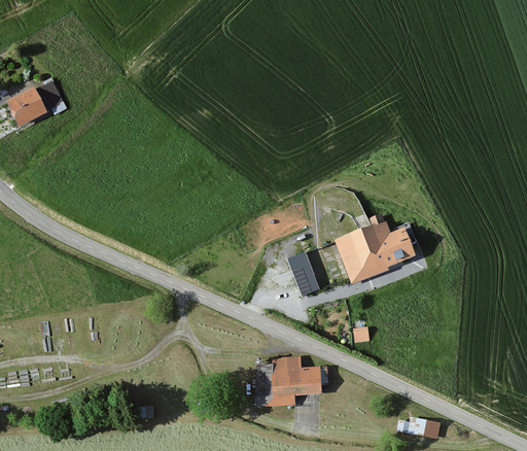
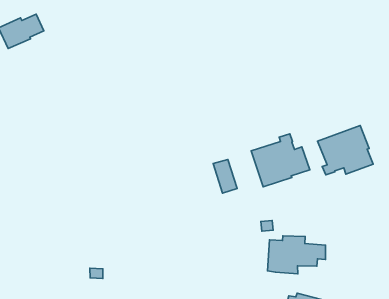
building: none -> [318,126,373,175]
building: [254,357,327,406] -> [268,236,325,274]

